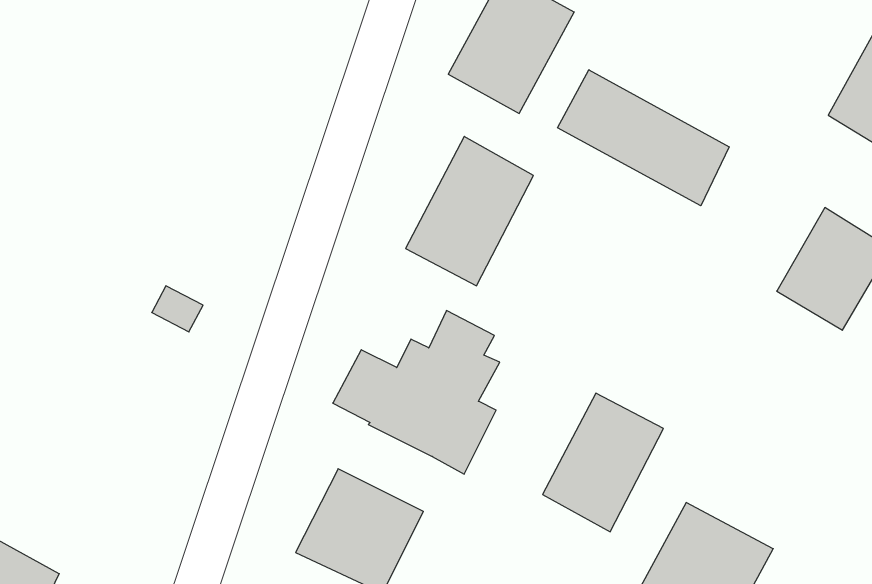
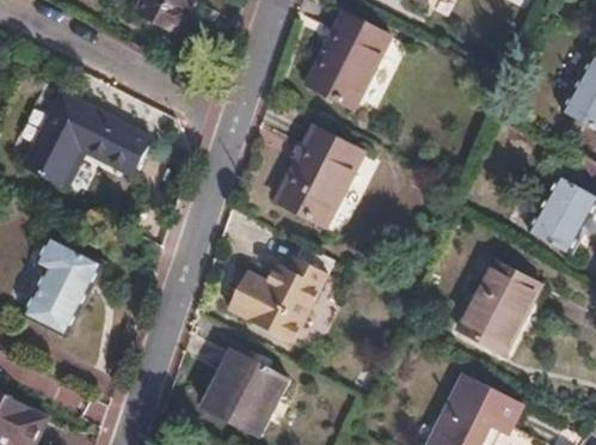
building: [558,70,729,206] -> none
building: none -> [29,92,152,184]
building: none -> [25,238,103,337]
building: [543,393,663,532] -> [460,258,541,352]

